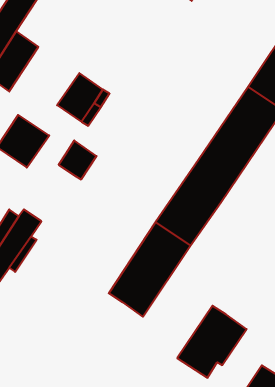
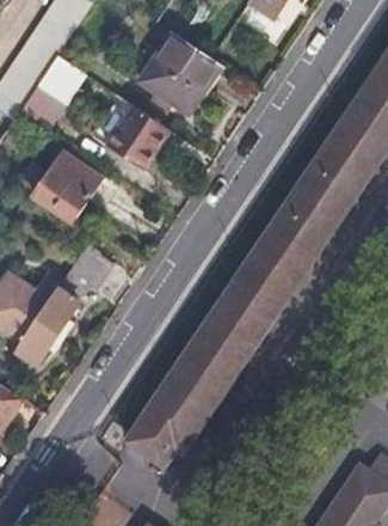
building: none -> [140,33,221,115]
building: [59,140,97,179] -> [67,244,113,292]
building: [177,306,247,378] -> [128,377,213,465]

